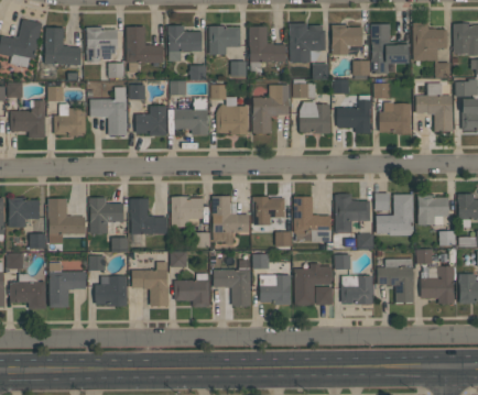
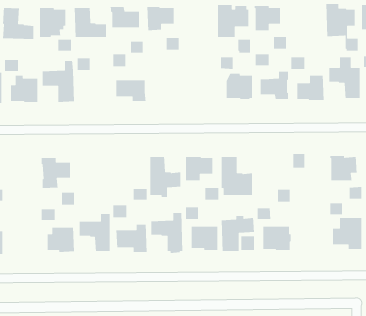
building: [371,24,409,75] -> none
building: [249,26,286,63] -> none
building: [211,85,248,135] -> none
building: [253,85,290,133] -> none
building: [135,106,167,136] -> none
building: [335,194,370,234] -> none
building: [377,195,414,237] -> none
building: [172,197,203,228] -> none
building: [48,199,86,245] -> none
building: [132,199,167,234] -> none
building: [378,259,414,303] -> none
building: [50,263,86,308] -> none

